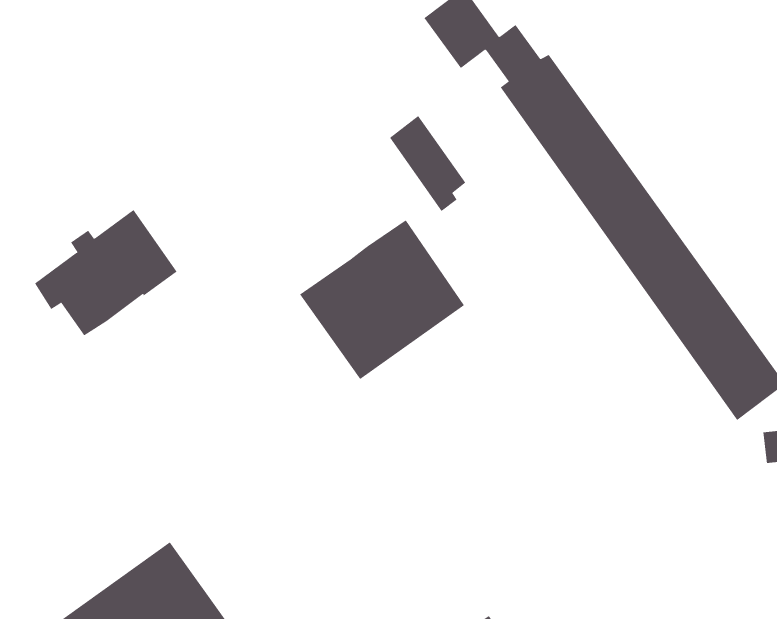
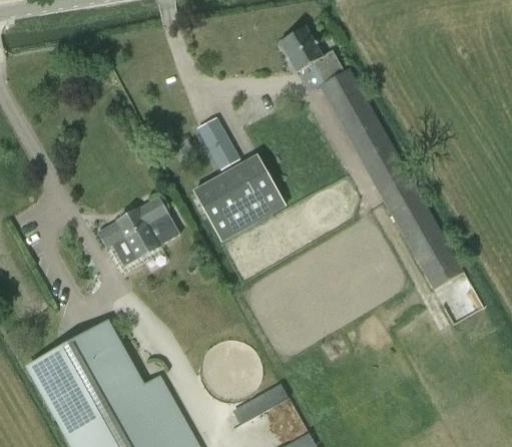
building: [389,115,466,212] -> [198,116,239,172]
building: [34,209,178,336] -> [98,195,180,265]

